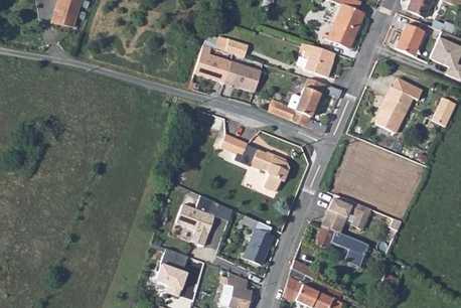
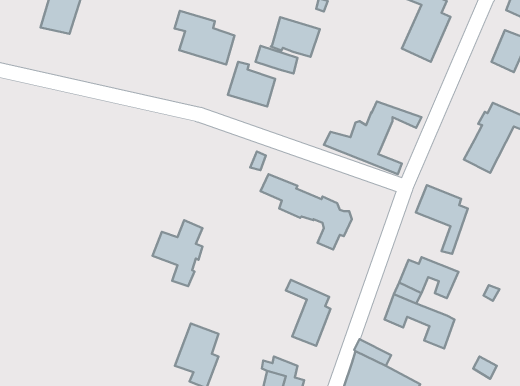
building: none -> [175,11,235,64]
building: [304,44,335,78] -> none
building: [223,61,261,92] -> [271,17,320,57]
building: none -> [416,185,468,254]
building: [176,195,214,246] -> [152,220,203,286]

